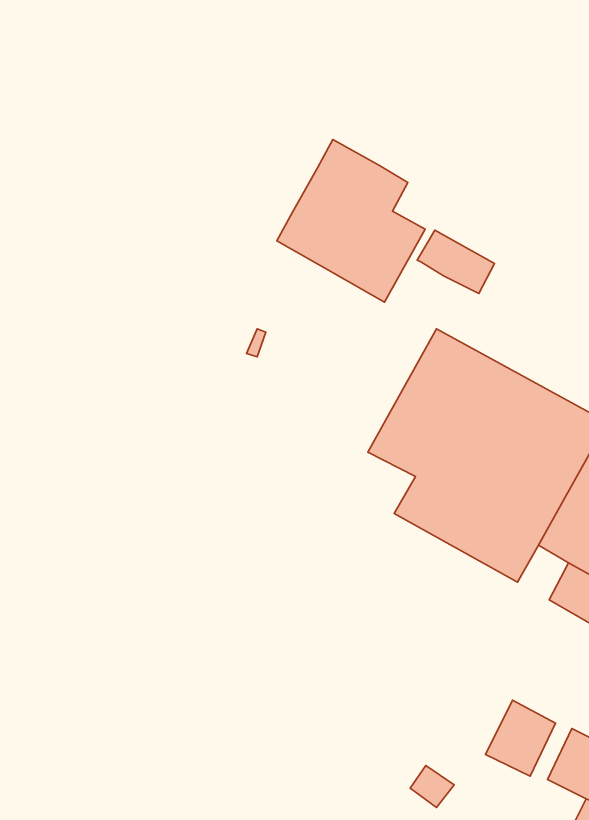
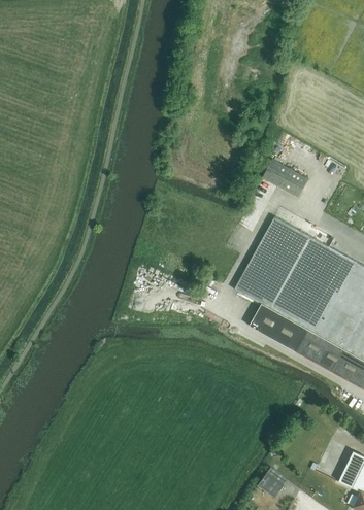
building: [277,139,425,302] -> none
building: none -> [321,344,351,376]
building: [485,700,556,776] -> none

